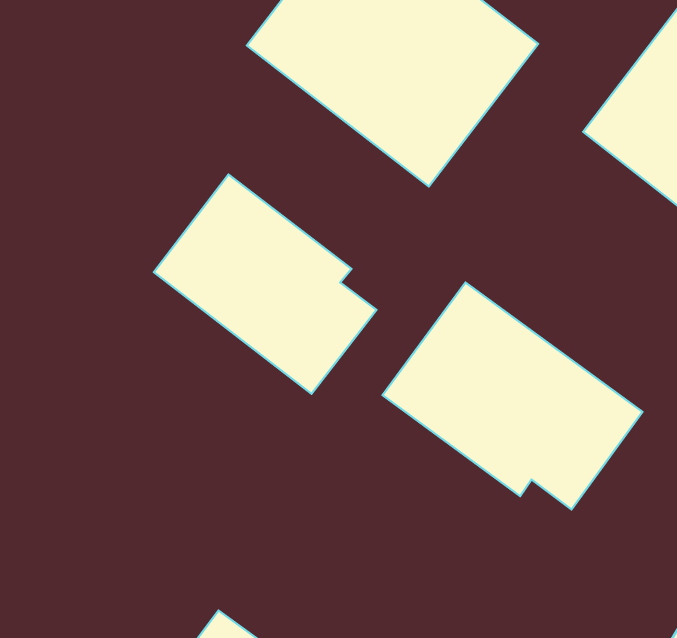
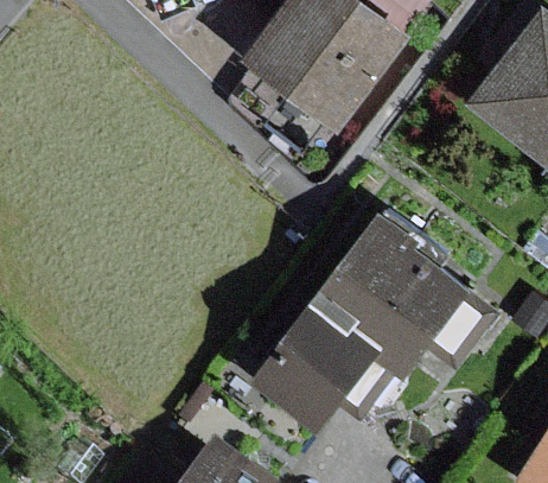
building: [154,175,376,394] -> none
building: none -> [255,291,419,427]

